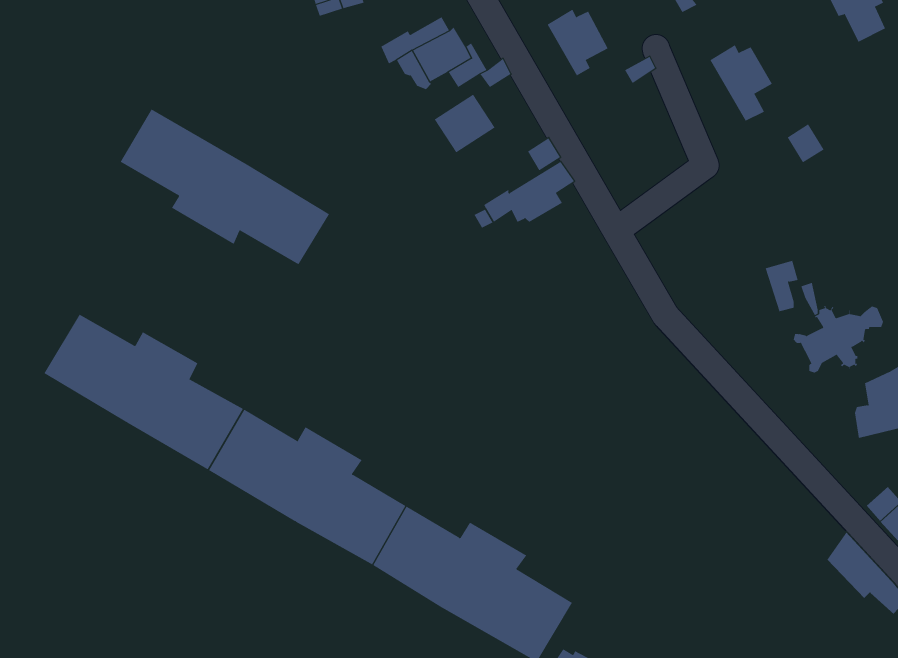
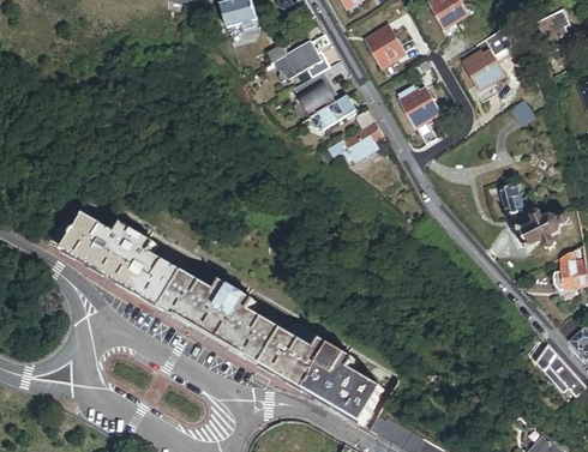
building: none -> [396,83,438,129]
building: [120,108,330,265] -> none
building: none -> [311,94,355,128]

